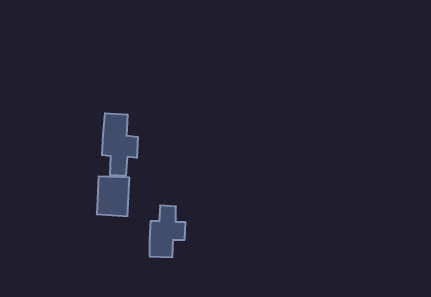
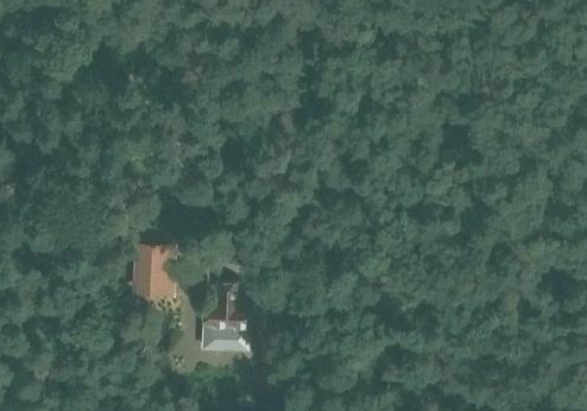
building: [102,113,138,176] -> none

